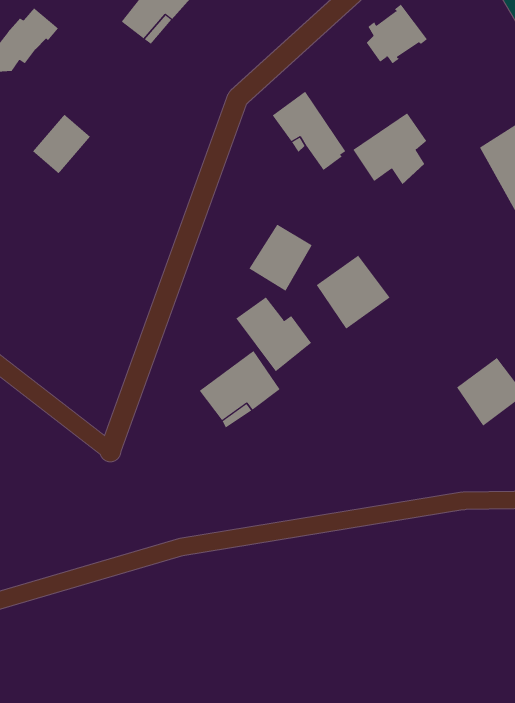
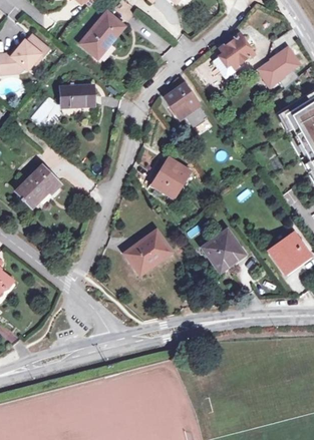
building: none -> [60,84,93,105]
building: [352,112,427,185] -> [257,47,299,88]
building: none -> [16,166,60,206]
building: [316,255,390,330] -> [203,230,245,272]
building: [236,296,312,372] -> none

